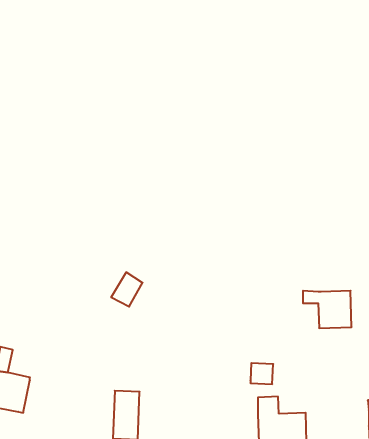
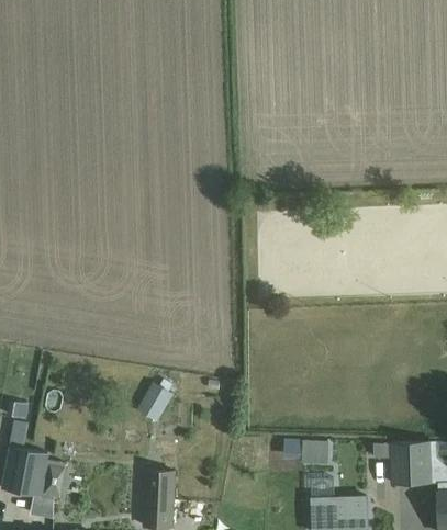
building: [111,272,143,307] -> [136,383,172,422]
building: [303,291,352,328] -> [375,442,431,485]
building: none -> [41,460,66,500]

